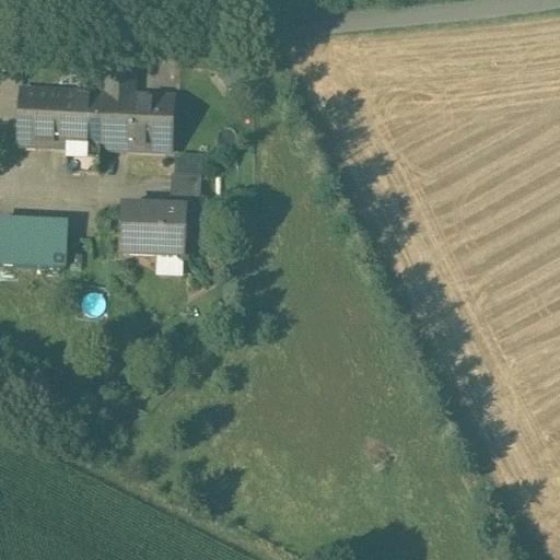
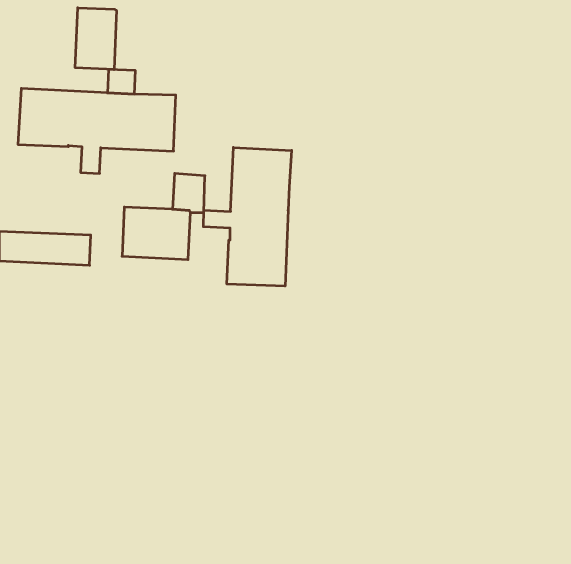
building: none -> [75,8,116,70]
building: none -> [203,147,292,286]

